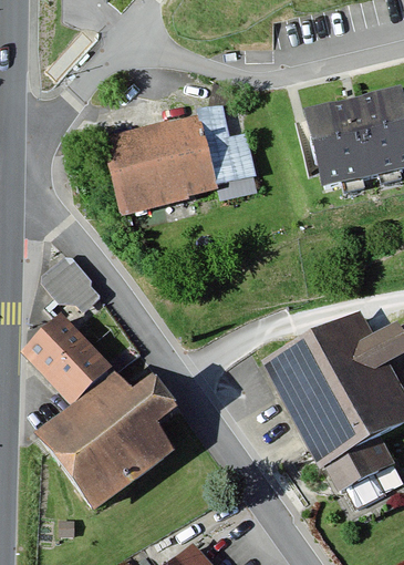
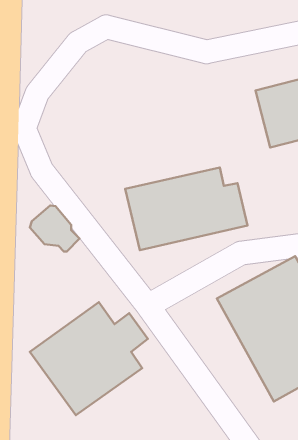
building: [110,110,257,209] -> [125,168,248,250]
building: [23,316,108,401] -> none

